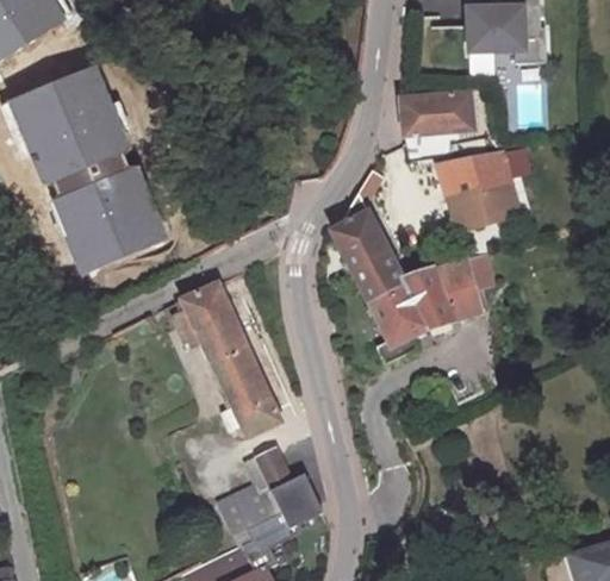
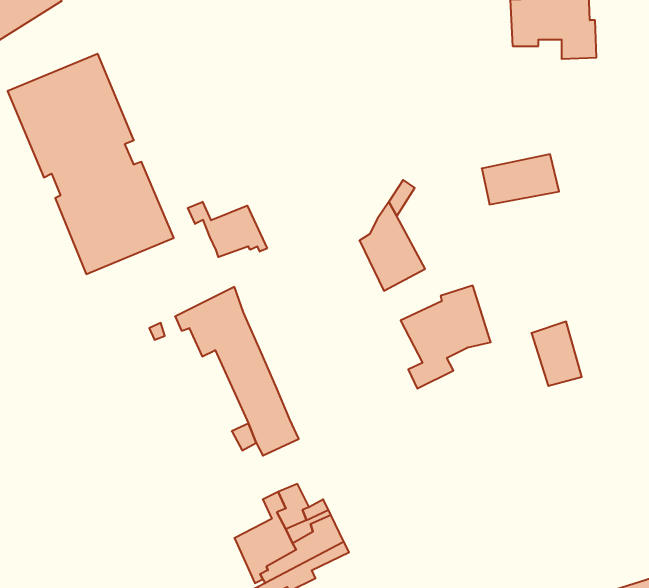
building: [404,94,478,137] -> none
building: [453,186,524,229] -> none
building: none -> [188,202,267,257]
building: [355,257,409,305] -> none
building: [437,262,484,321] -> [531,322,582,386]

